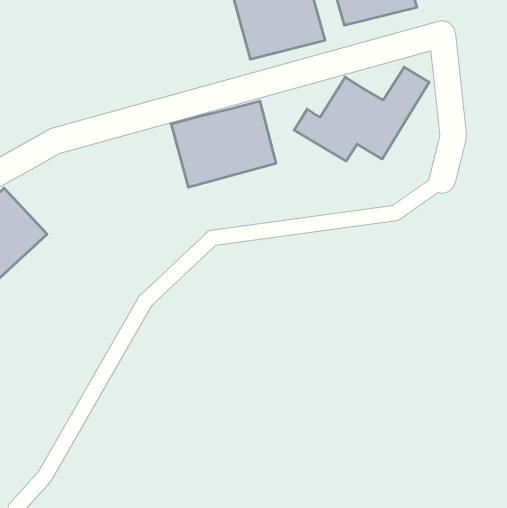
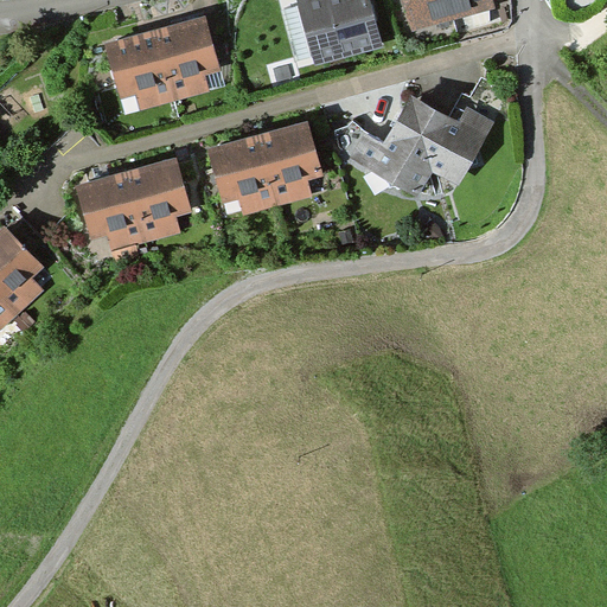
building: none -> [102,13,222,114]
building: none -> [74,156,193,256]

